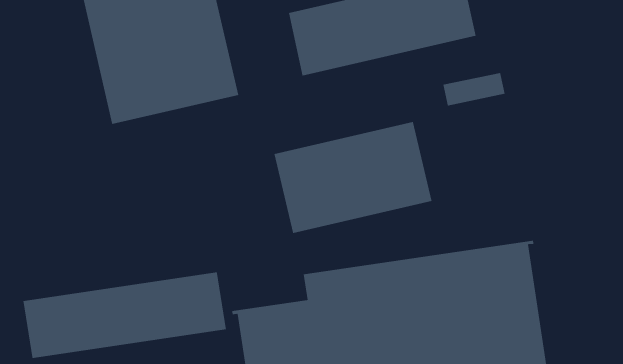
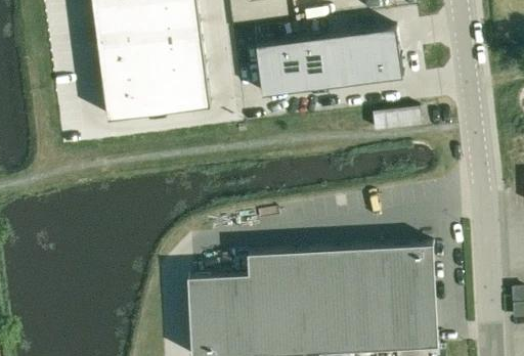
building: [274,121,432,234] -> none
building: [23,272,227,359] -> none

